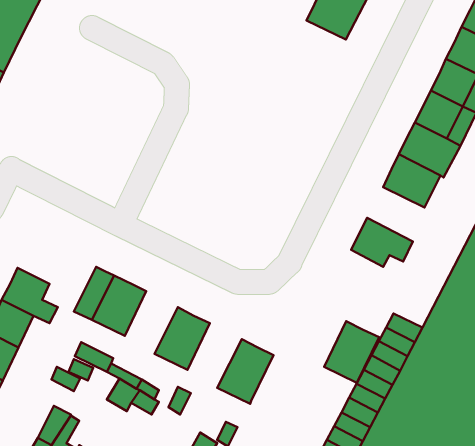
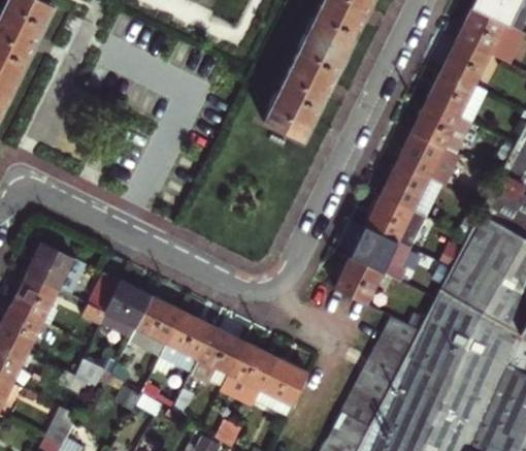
building: none -> [263,32,346,139]
building: none -> [366,194,427,247]
building: none -> [27,241,86,294]
building: none -> [334,255,382,303]
building: none -> [129,295,183,356]
building: [324,321,379,383] -> [254,357,307,417]
building: none -> [189,326,244,389]

